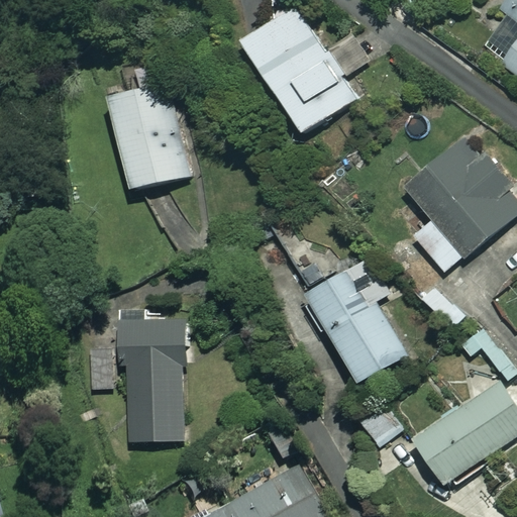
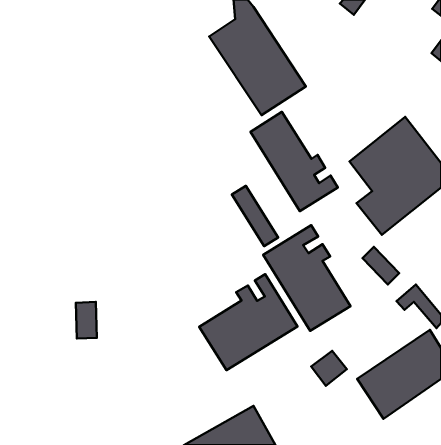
building: [110,84,190,191] -> none
building: none -> [250,112,338,211]
building: [117,310,184,440] -> none
building: none -> [199,274,298,370]

